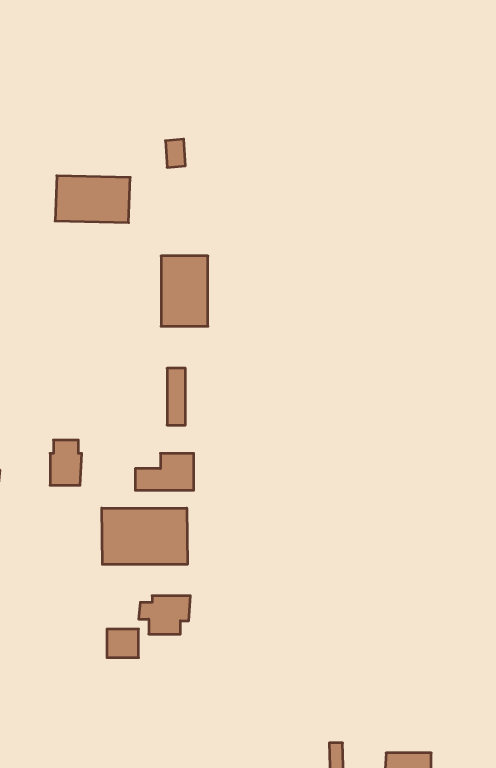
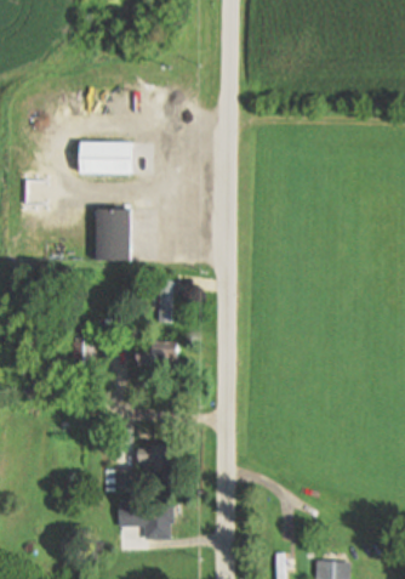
building: [161,256,208,326] -> [96,209,130,260]
building: [102,508,187,564] -> none
building: none -> [120,501,172,539]

